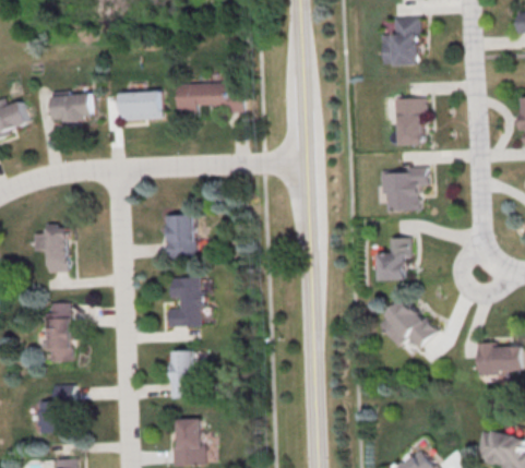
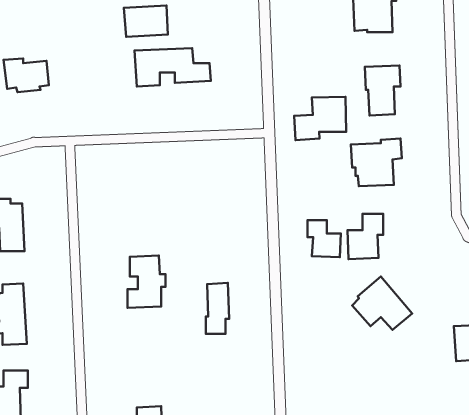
building: [120,91,162,120] -> [124,5,168,37]
building: none -> [294,97,346,140]
building: [166,215,195,260] -> none
building: none -> [308,220,341,257]
building: [170,350,192,398] -> [206,283,229,334]

